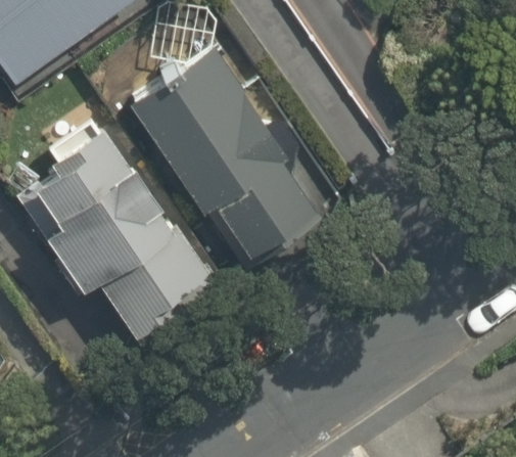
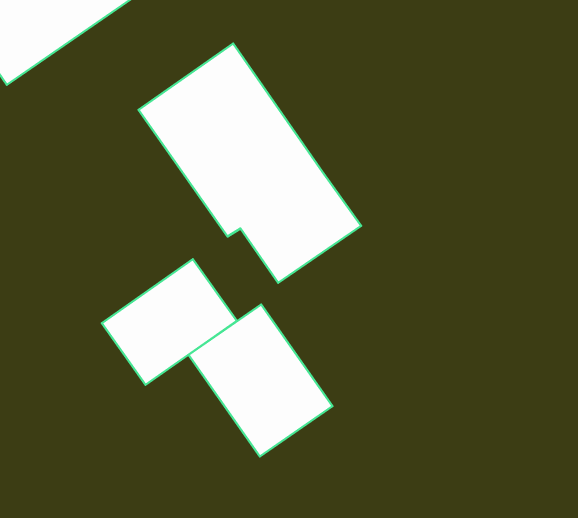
building: [18,129,175,290] -> none
building: none -> [188,304,333,456]

